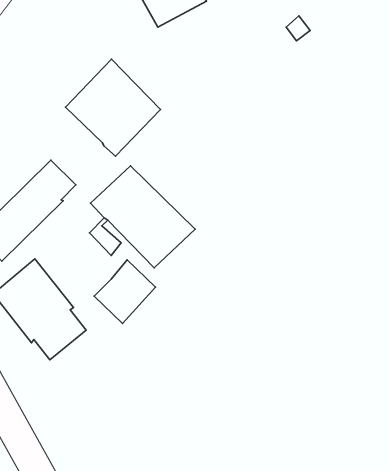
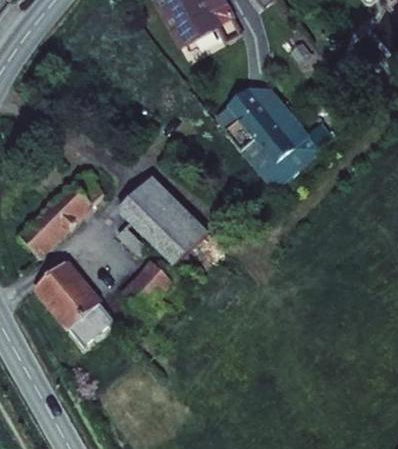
building: [65,59,161,156] -> none
building: none -> [214,89,318,193]

